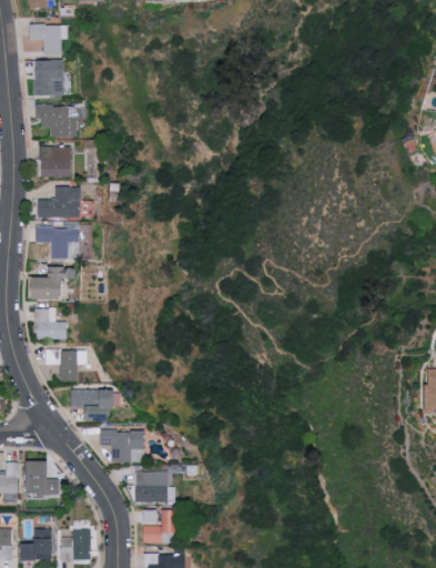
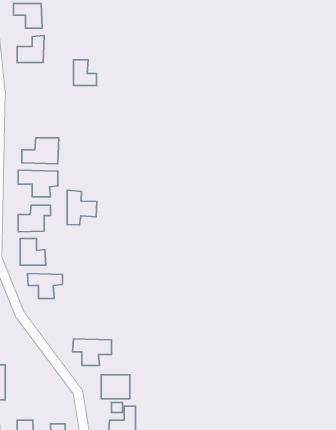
building: [50,106,78,138] -> [73,60,97,86]
building: [38,146,71,178] -> none
building: none -> [67,190,97,225]
building: [69,390,114,419] -> none
building: [27,462,59,493] -> none

